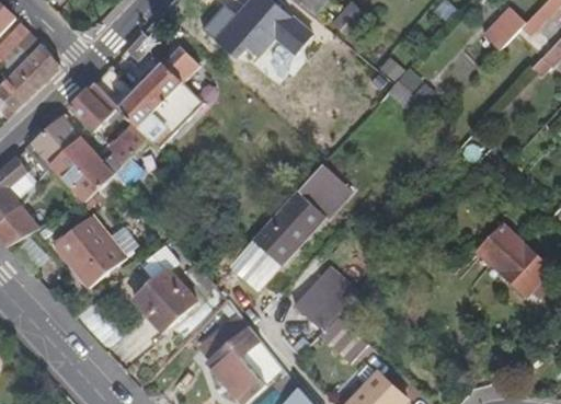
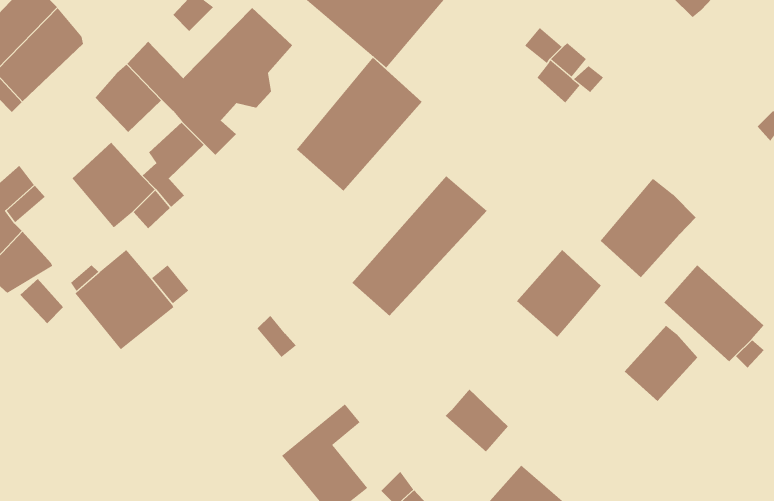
building: none -> [296,57,423,191]
building: [24,116,81,171] -> none
building: none -> [600,179,697,278]
building: [232,240,280,288] -> none
building: [295,267,356,331] -> [516,249,602,338]
building: [134,269,196,331] -> none
building: none -> [624,325,698,402]

